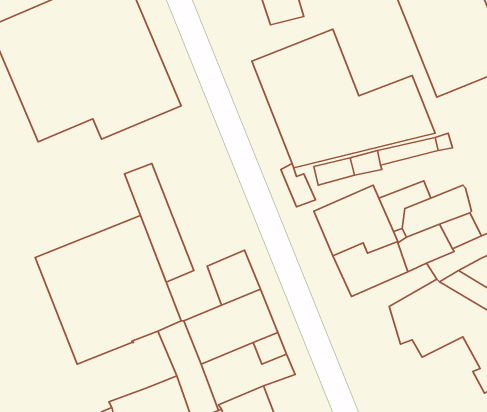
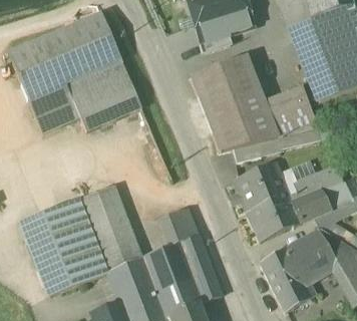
building: [124,164,194,282] -> [22,213,70,295]
building: none -> [261,247,317,312]
building: none -> [108,264,139,303]

